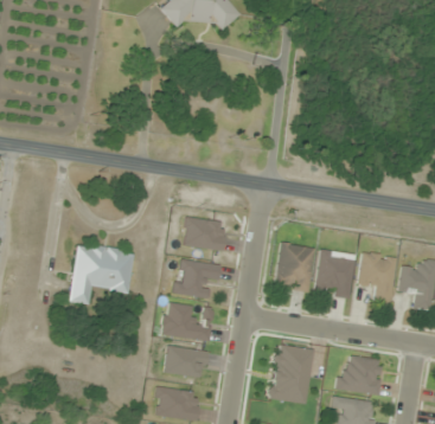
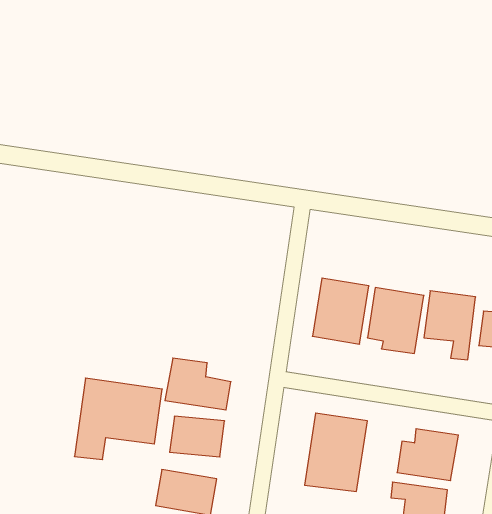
building: [183,218,225,251] -> none
building: [69,244,135,306] -> [74,378,162,460]
building: [175,259,219,298] -> none

